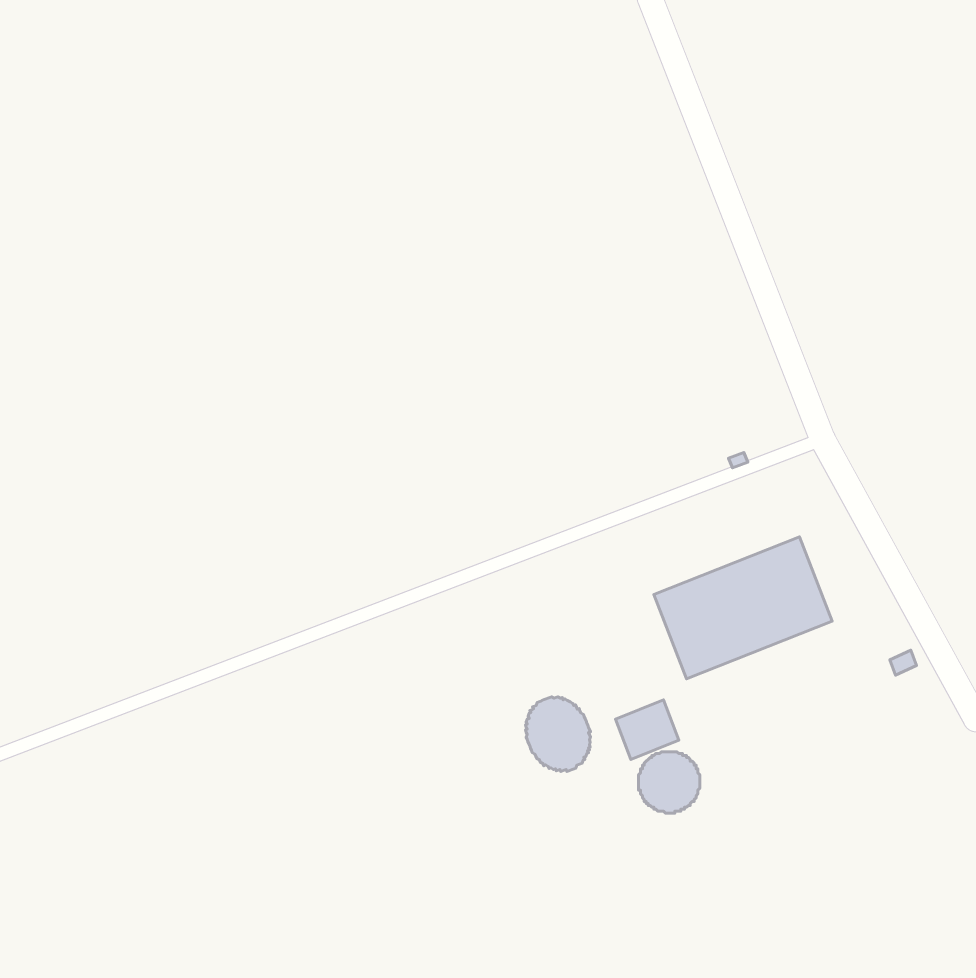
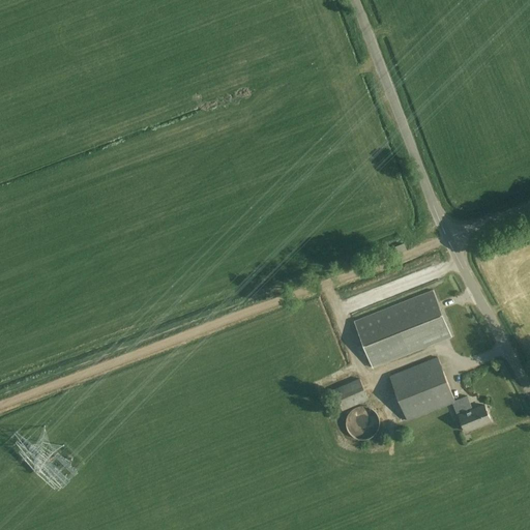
building: none -> [388,357,489,431]
building: [525,697,590,772] -> none

